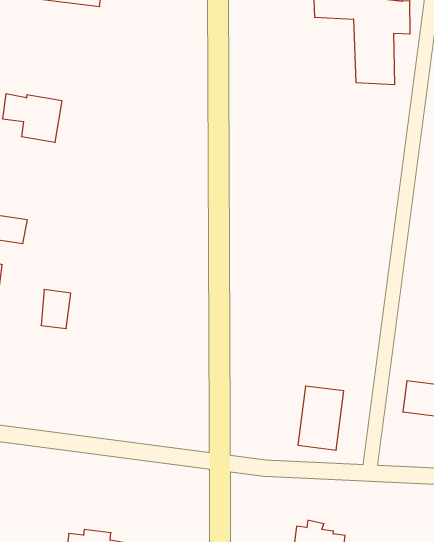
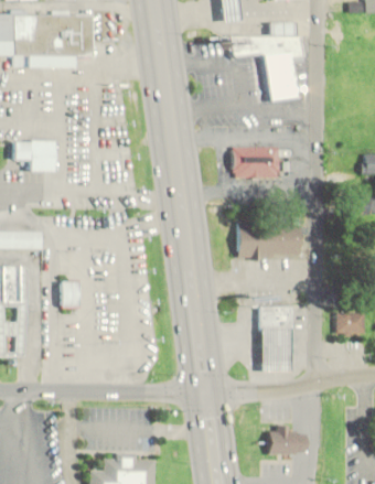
building: none -> [233,146,279,178]
building: none -> [238,221,302,258]
building: none -> [261,305,293,326]

